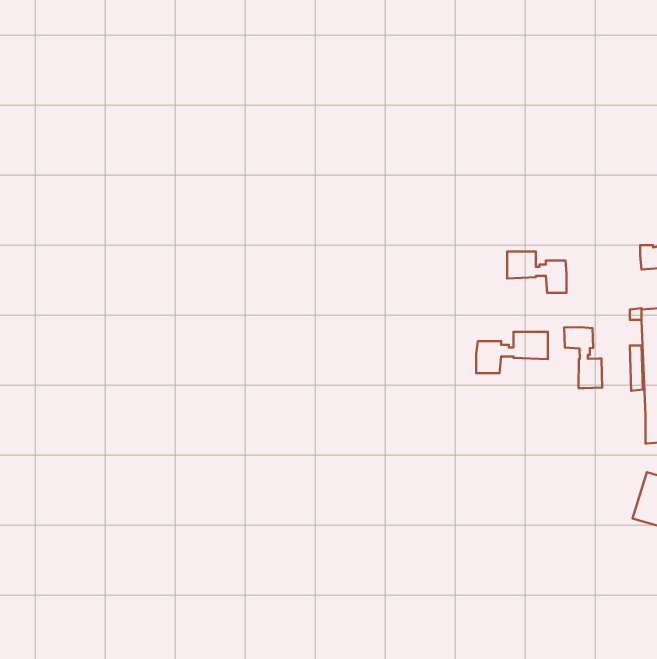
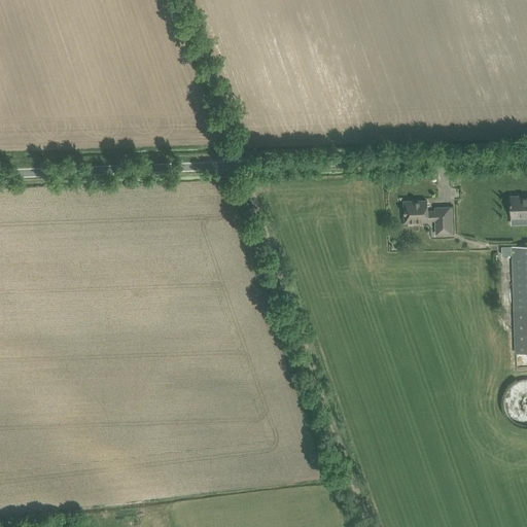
building: [564,327,602,388] -> none
building: [476,332,548,373] -> none

